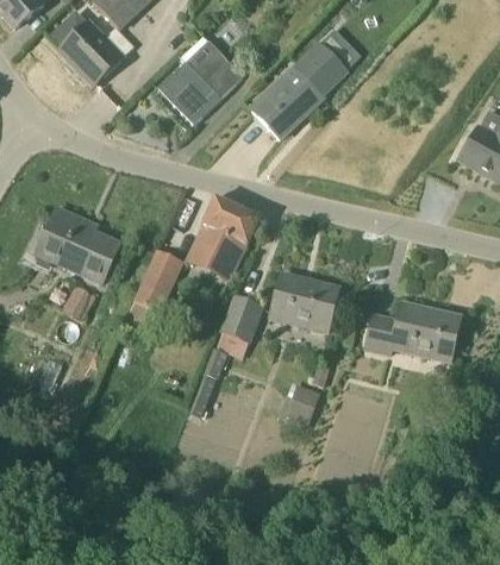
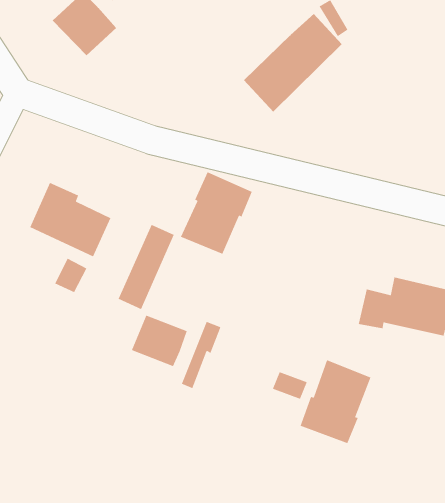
building: [158,39,243,124] -> none
building: [269,274,339,333] -> none
building: [225,297,262,344] -> none
building: none -> [131,314,189,367]
building: none -> [299,359,371,444]

